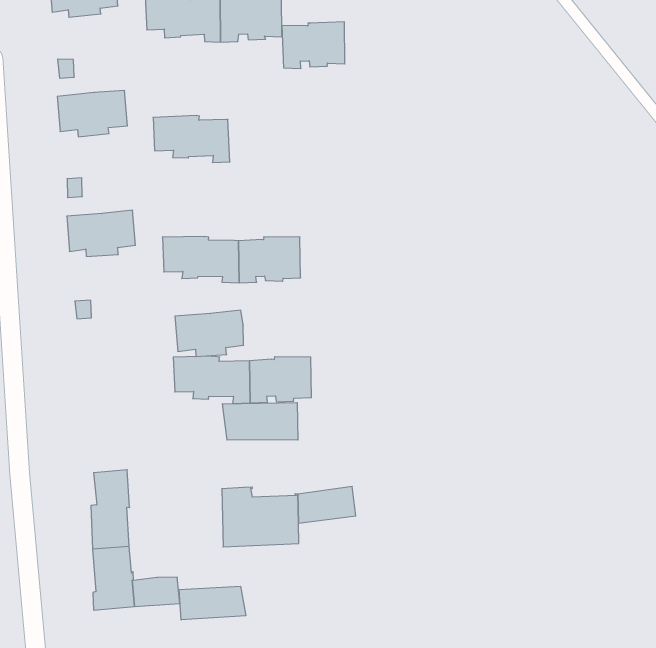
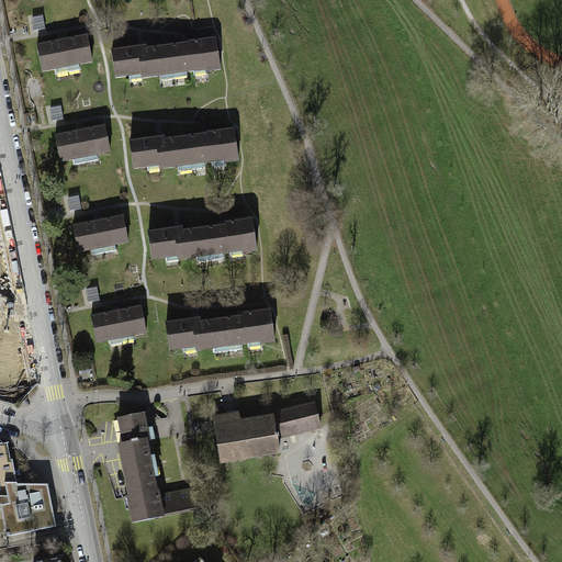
building: [282,22,345,68] -> [186,126,237,167]
building: [175,310,244,357] -> [90,303,145,342]
building: [223,403,298,440] -> none
building: [179,586,246,620] -> none

